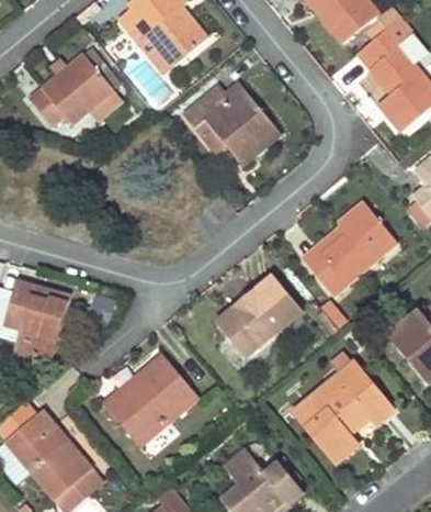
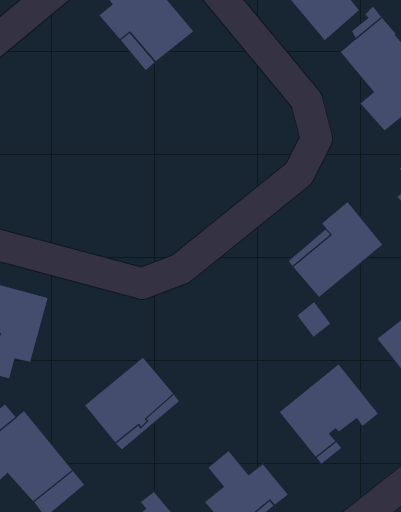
building: [26,47,122,125] -> none
building: [182,82,277,164] -> none
building: [218,276,302,355] -> none

